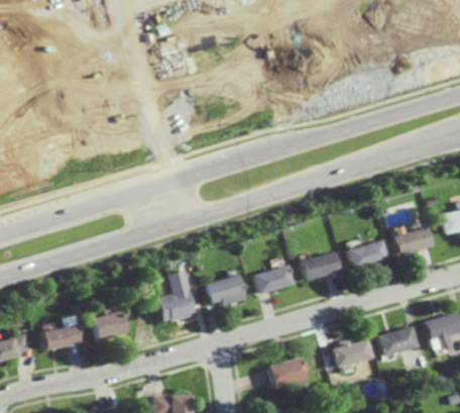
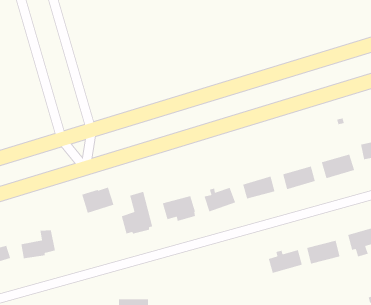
building: [92,310,131,342] -> [81,187,115,214]
building: [268,357,307,385] -> none

